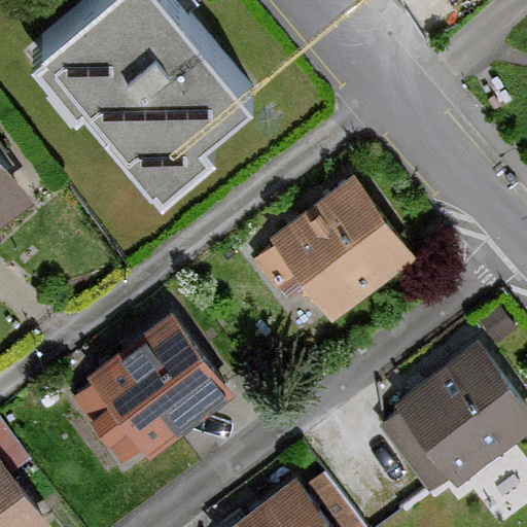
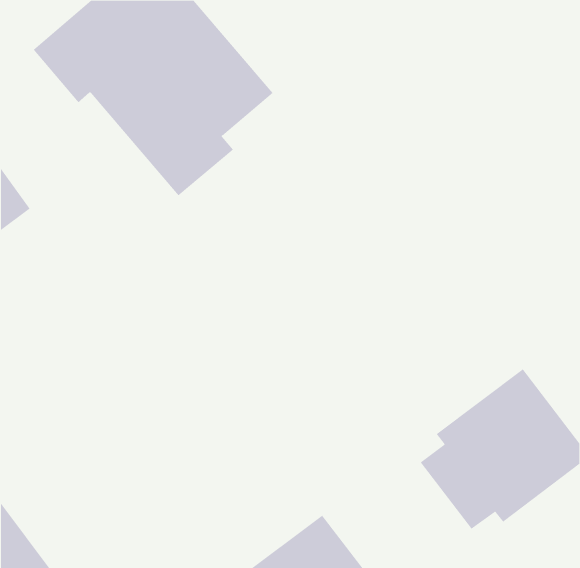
building: [270,176,413,319] -> none
building: [72,313,233,464] -> none

